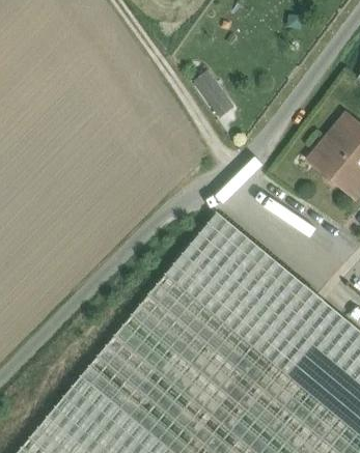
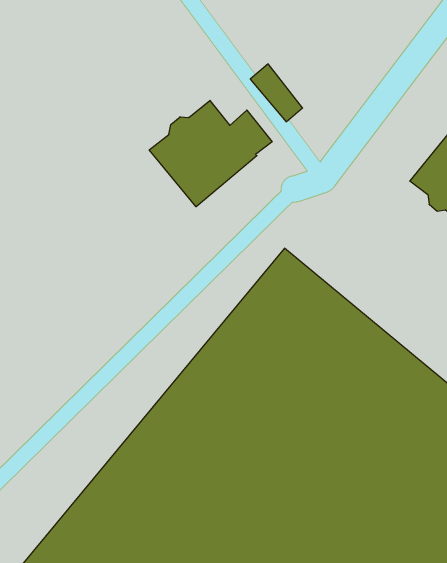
building: none -> [149,100,272,207]

